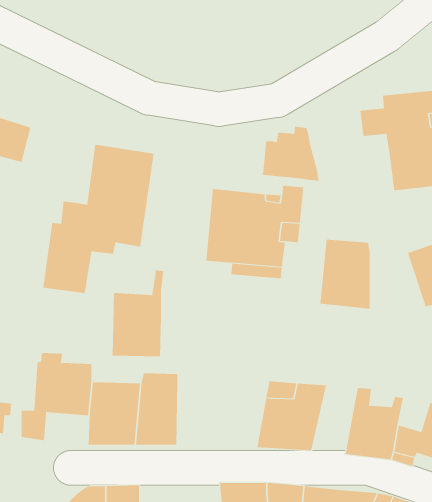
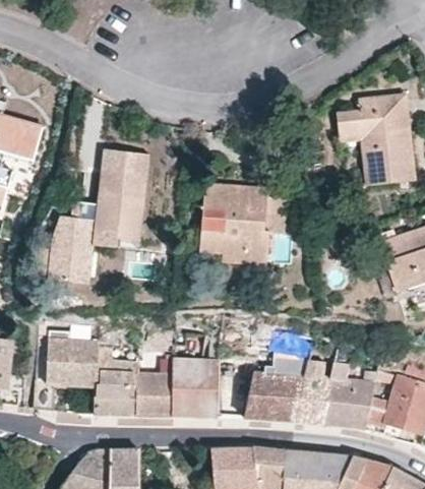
building: [263,126,319,181] -> none
building: [320,239,370,309] -> none
building: [112,270,164,357] -> [173,338,220,416]
building: none -> [294,361,331,423]

